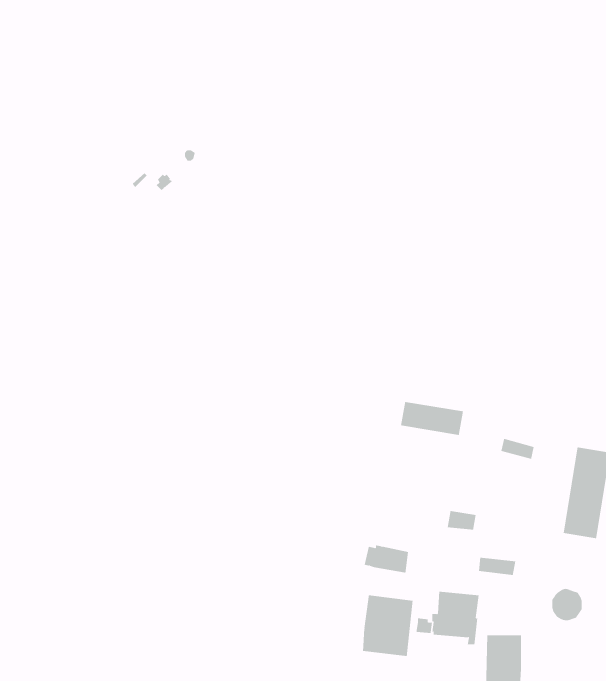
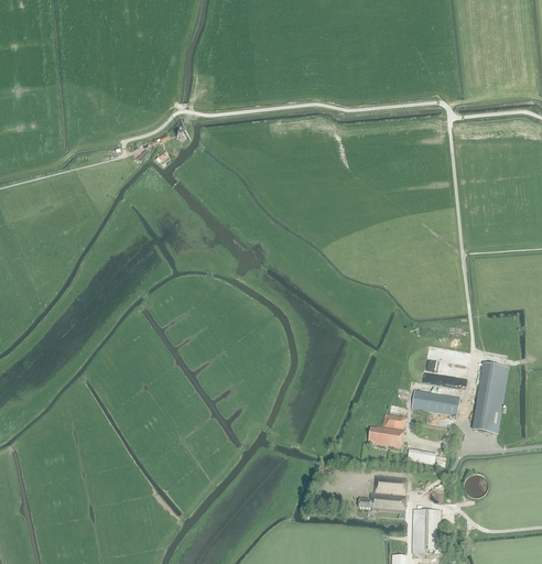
building: [400,401,464,435] -> [410,389,459,415]
building: [364,545,409,573] -> [367,425,402,447]
building: [363,594,413,657] -> none

